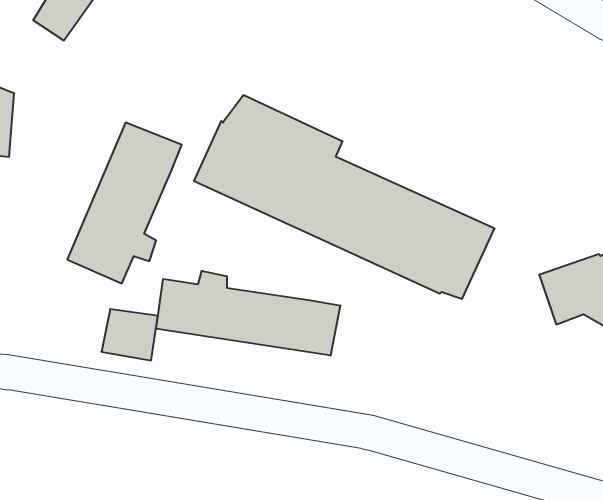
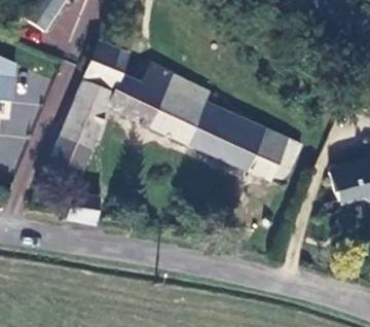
building: none -> [81,41,139,115]
building: [156,271,340,356] -> none

